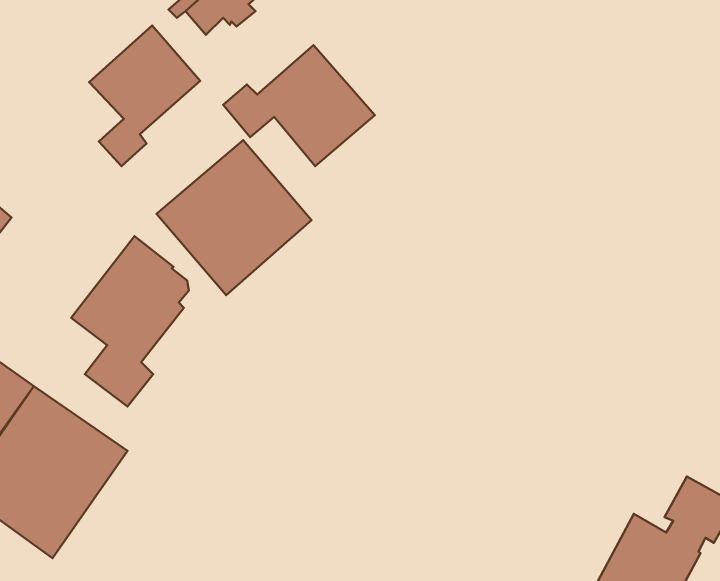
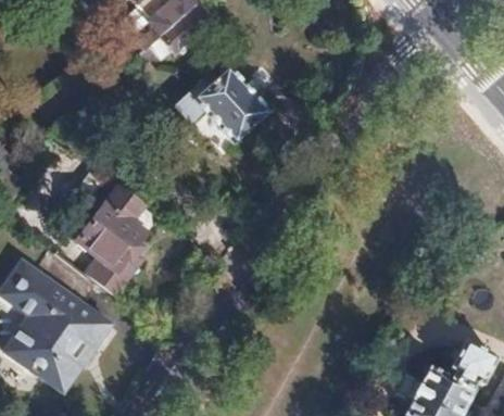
building: [89,26,200,166] -> none
building: [156,140,311,295] -> none

